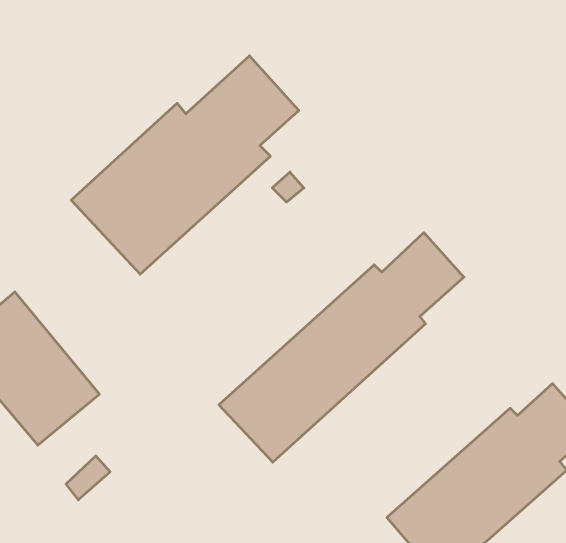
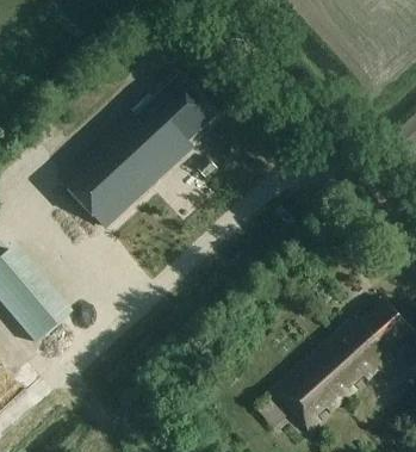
building: [219,233,464,462] -> none

